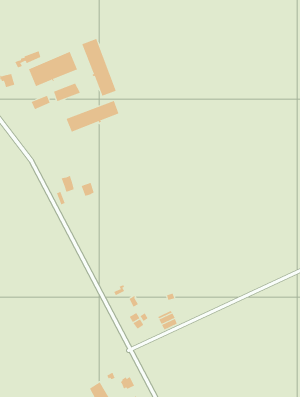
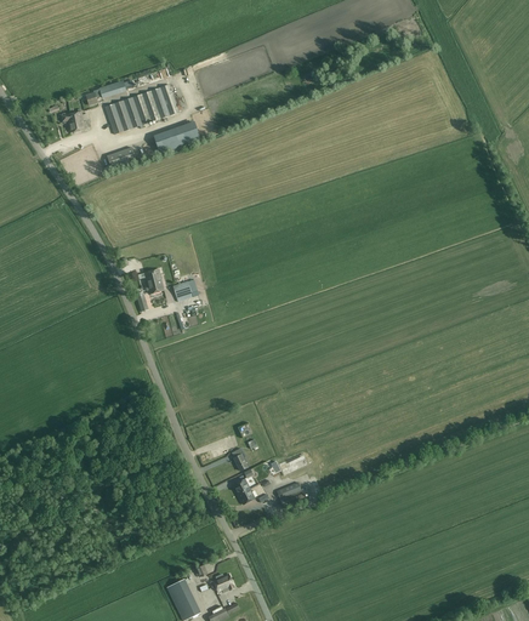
building: [82,38,117,97] -> none
building: [66,100,119,132] -> none

